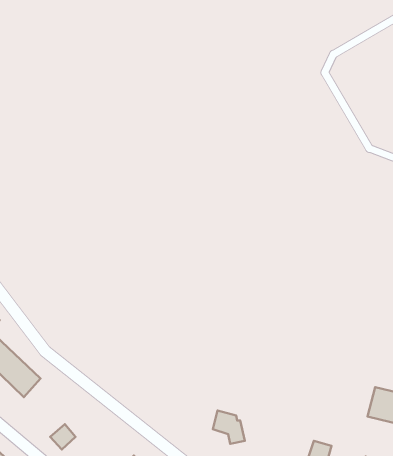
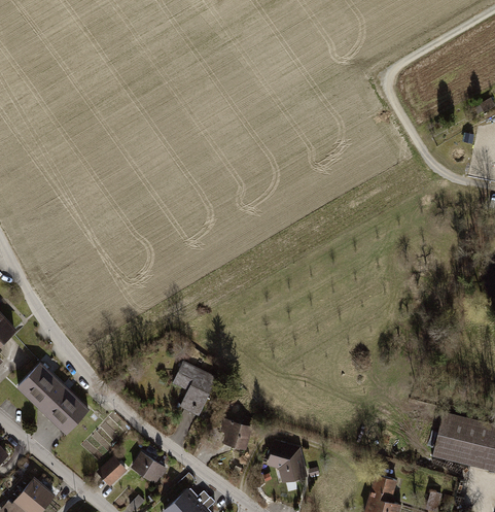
building: none -> [173,363,216,415]
building: none -> [222,420,250,448]
building: none -> [133,454,165,482]

